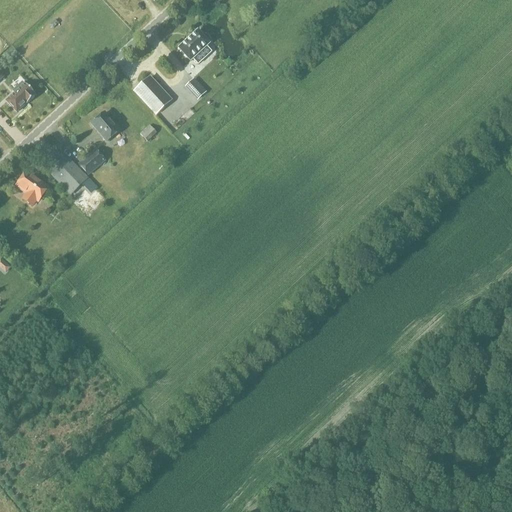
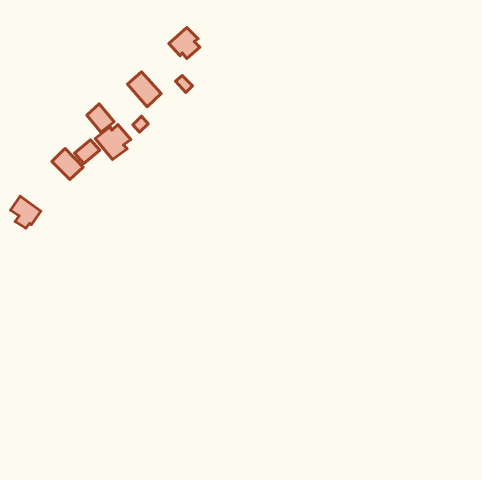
building: [7,80,35,110] -> none
building: none -> [95,125,131,159]
building: [17,170,49,204] -> [11,196,41,228]

